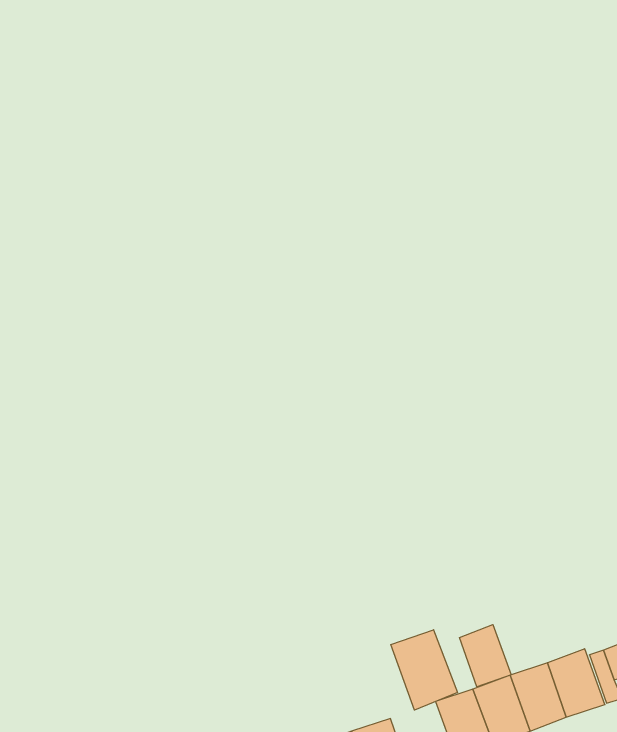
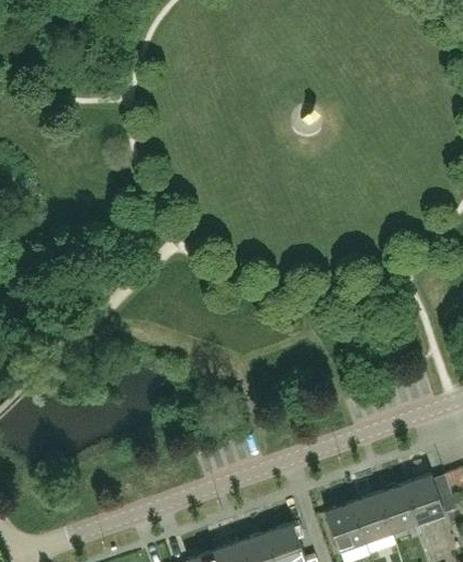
building: [459,625,511,687] -> none
building: [391,630,457,710] -> none

